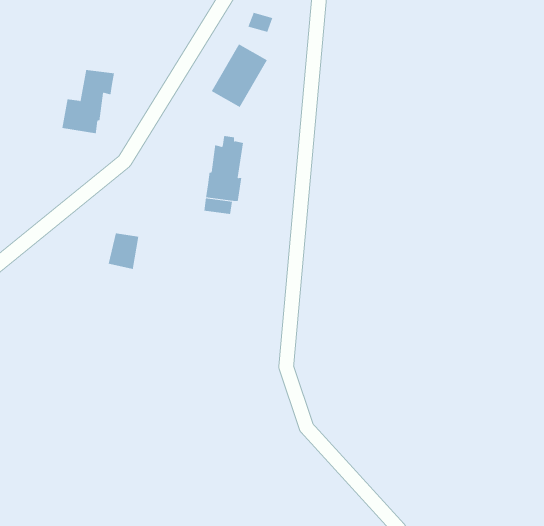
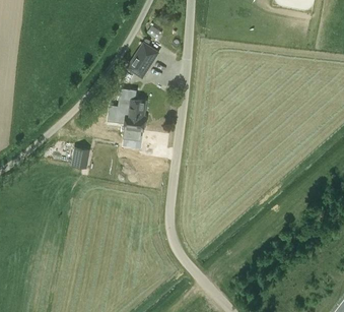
building: [61,69,115,134] -> [106,85,135,121]

